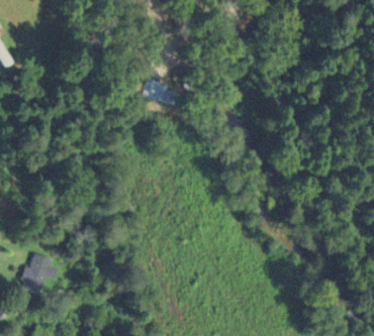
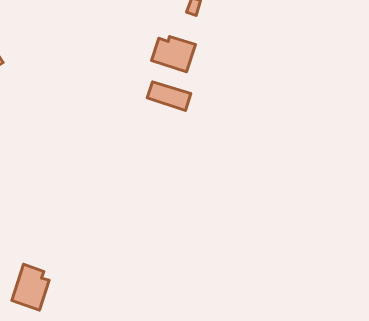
building: none -> [151,37,196,72]

